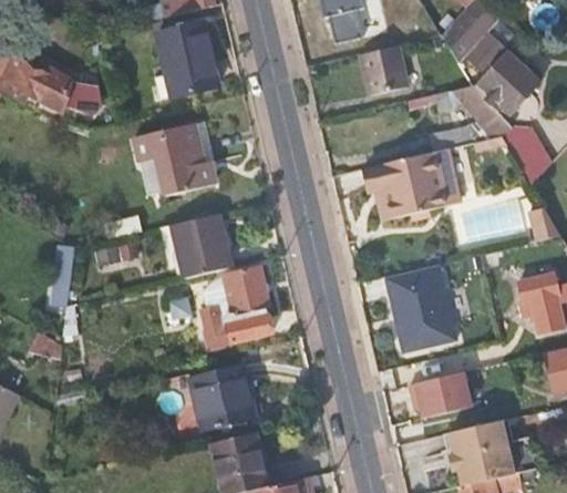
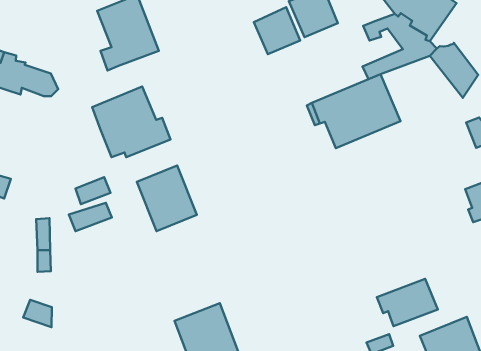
building: none -> [254,7,300,54]
building: [385,264,457,351] -> none
building: [200,268,270,349] -> none

